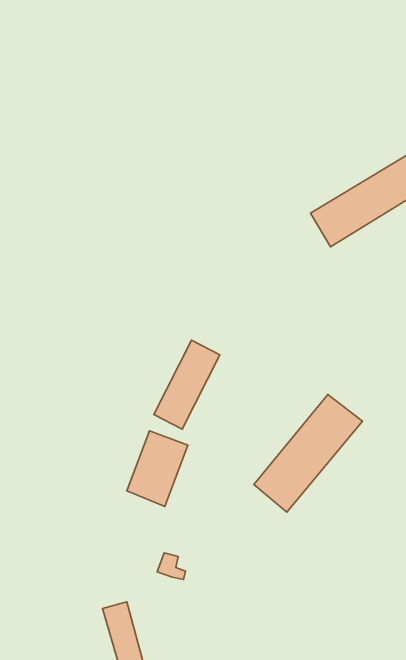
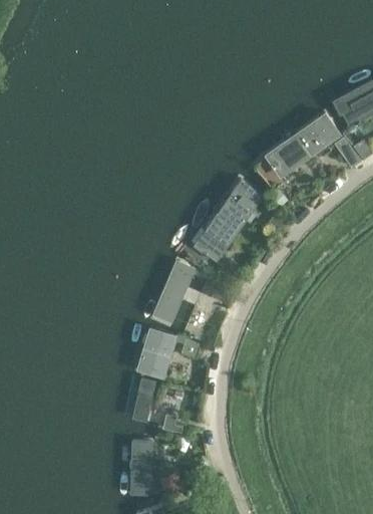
building: [254,395,362,512] -> [191,177,265,263]
building: none -> [129,376,154,422]

